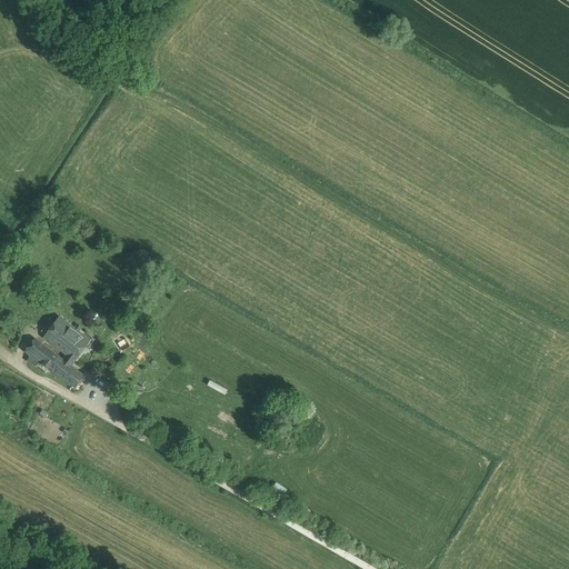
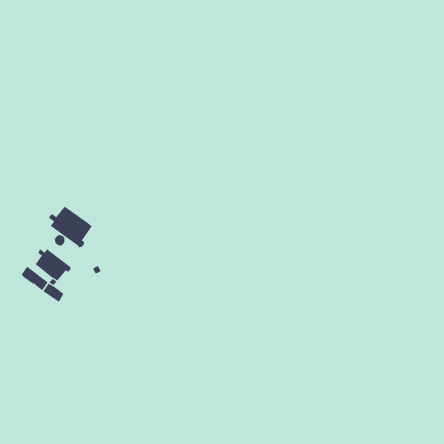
building: none -> [48,206,92,248]

